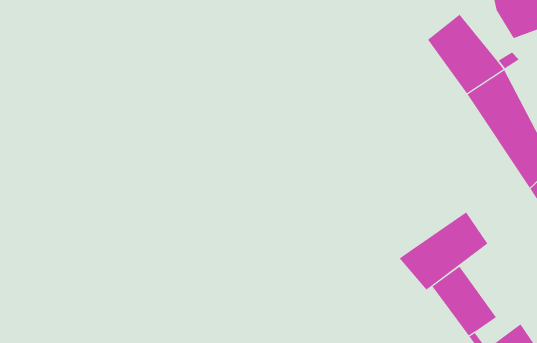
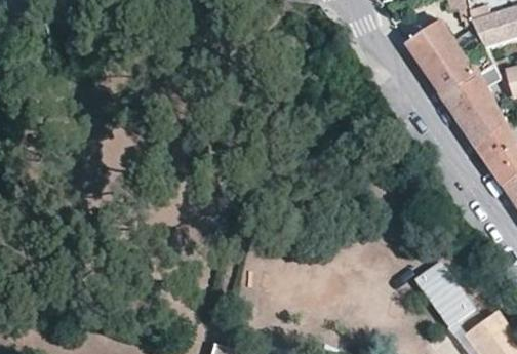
building: [399,212,488,290] -> none

